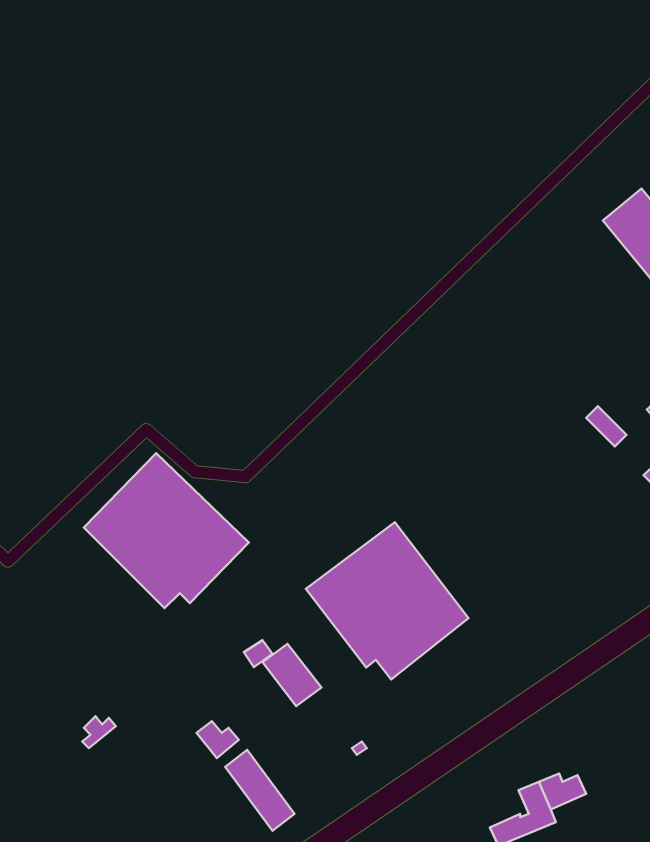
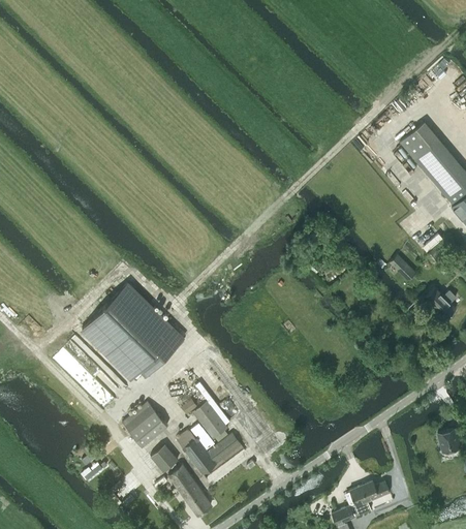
building: [306,522,469,679] -> none
building: none -> [123,403,167,447]
building: none -> [177,431,241,474]

